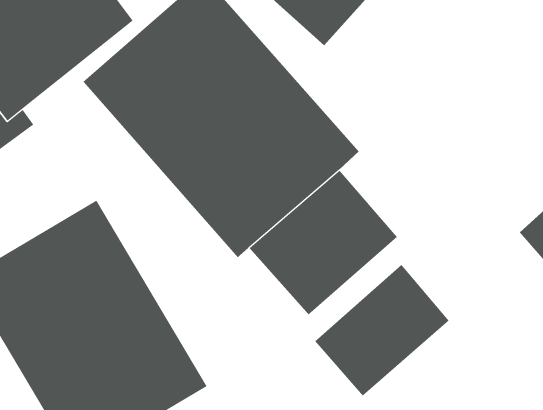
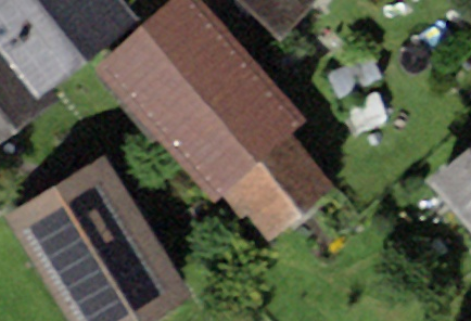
building: [314,264,450,397] -> none

